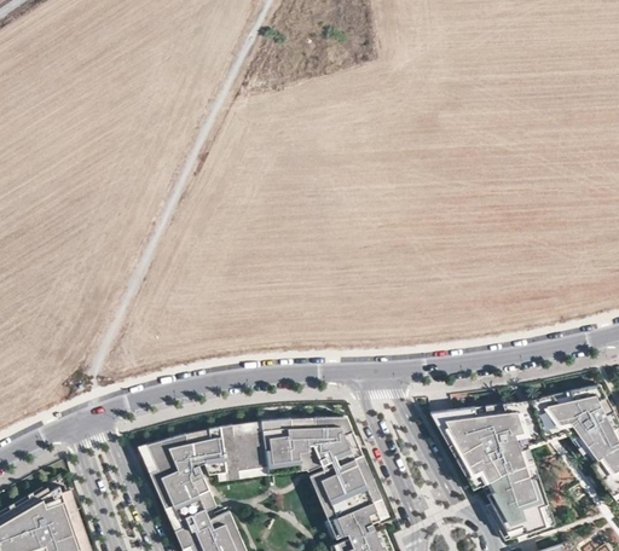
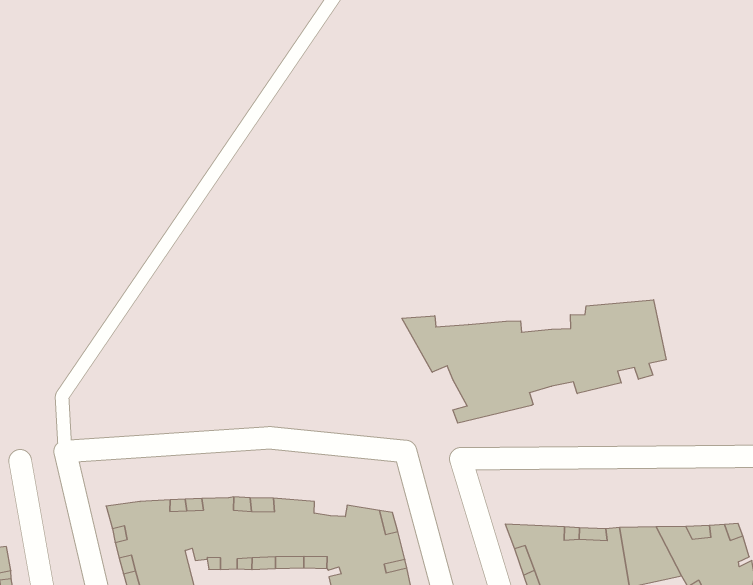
building: none -> [402,300,666,423]

